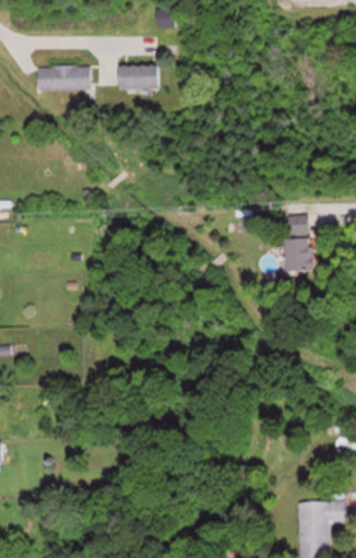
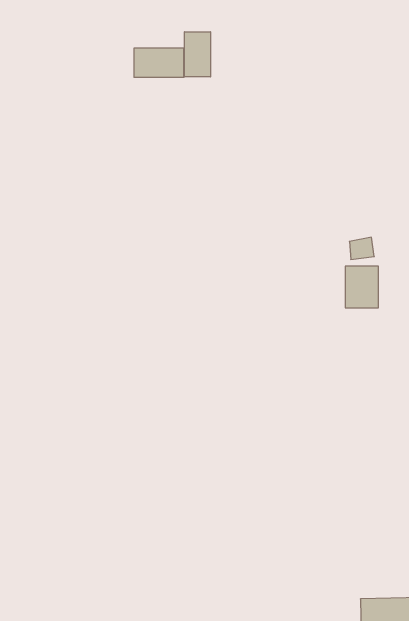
building: none -> [185,32,210,77]
building: [37,66,90,90] -> none

